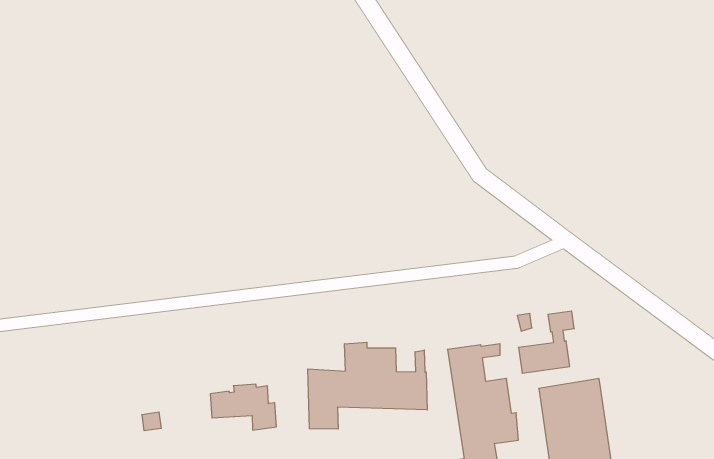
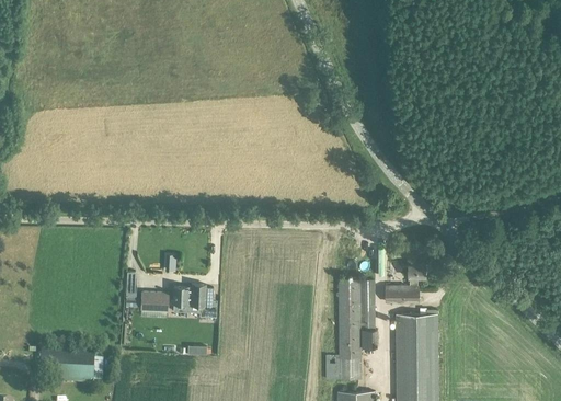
building: [308,342,427,429] -> none
building: none -> [139,290,168,317]

